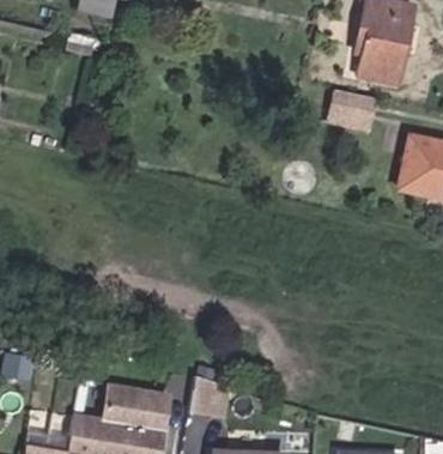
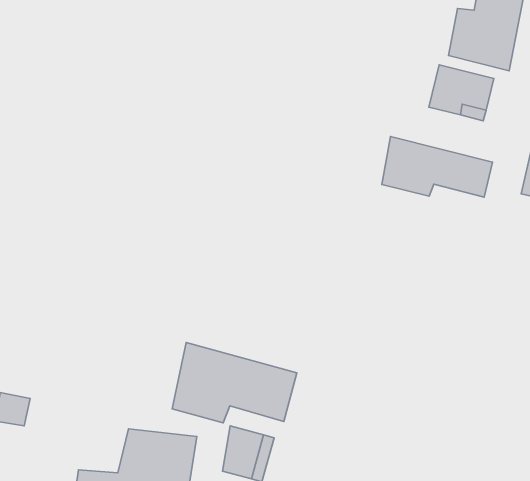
building: none -> [382,137,493,197]
building: none -> [172,343,297,423]

